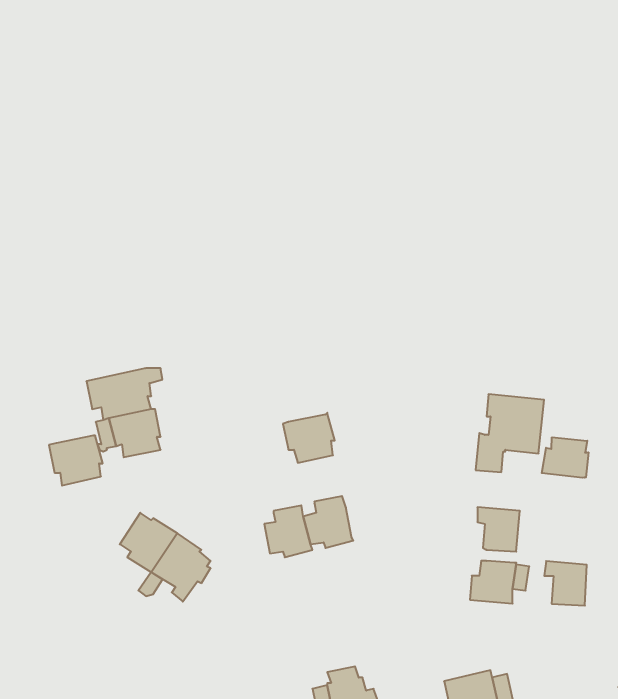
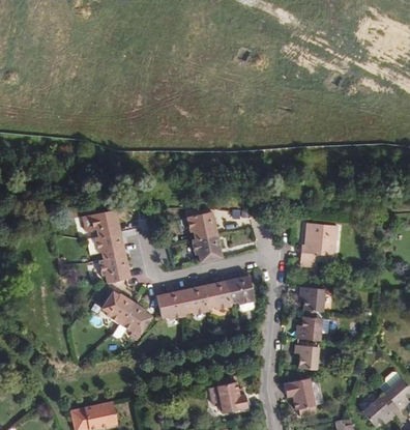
building: none -> [186,210,215,238]
building: [49,436,103,486] -> [98,254,128,282]
building: [542,437,588,478] -> none
building: none -> [227,275,254,311]
building: none -> [157,289,185,318]
building: [544,561,587,606] -> [294,344,318,369]

